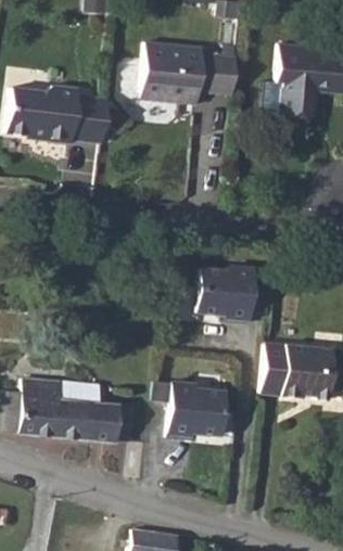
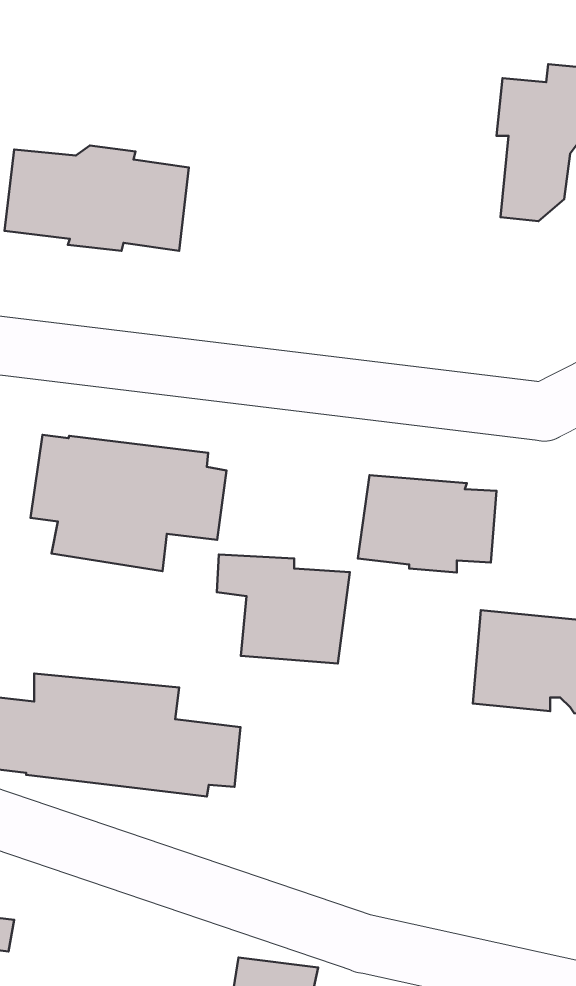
building: [141,43,236,104] -> none
building: none -> [31,435,227,571]
building: [157,380,230,439] -> [217,554,350,664]

